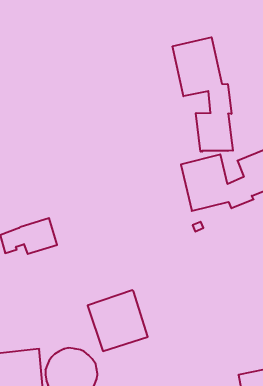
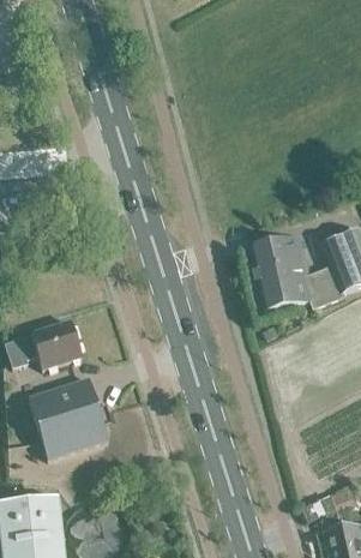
building: [173,37,233,152] -> none
building: [88,290,148,351] -> [28,377,108,458]

